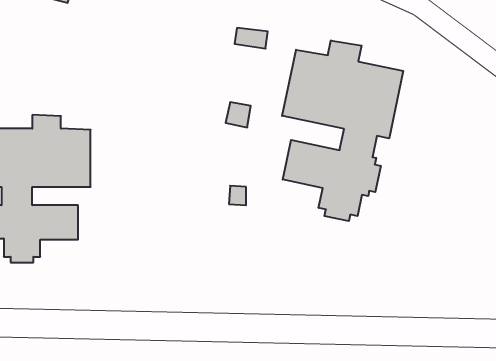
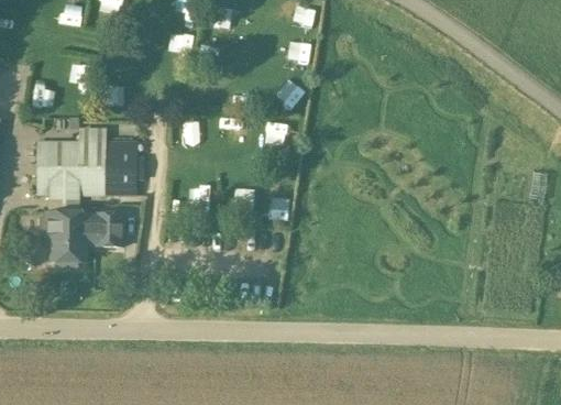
building: [282,40,403,221] -> none

